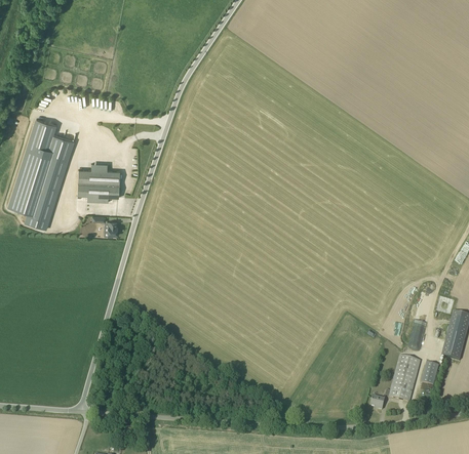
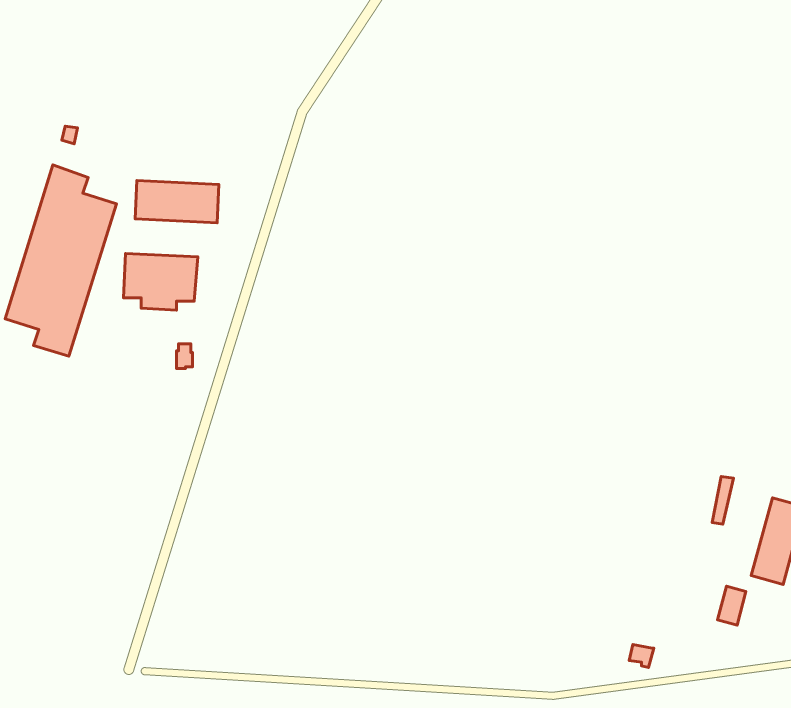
building: none -> [135,180,219,223]
building: [386,355,421,401] -> none

